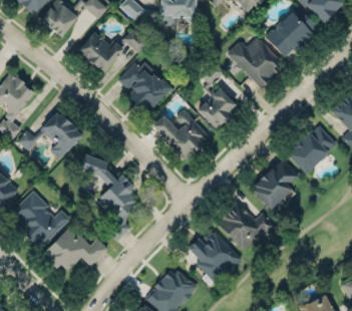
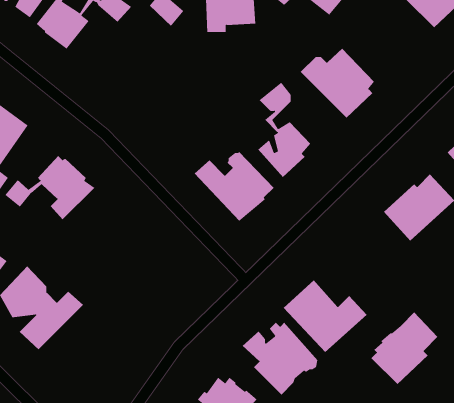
building: [266,7,317,55] -> none
building: [78,30,146,73] -> none
building: [117,60,171,110] -> none
building: [80,153,135,241] -> none
building: [252,158,300,210] -> [371,312,438,385]
building: [45,226,108,273] -> none

